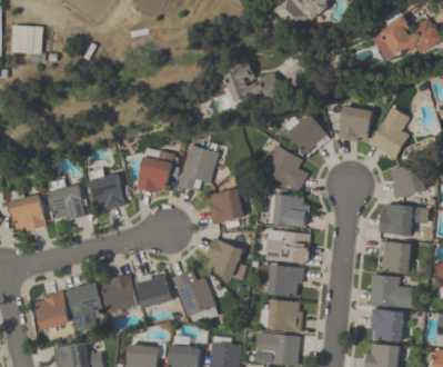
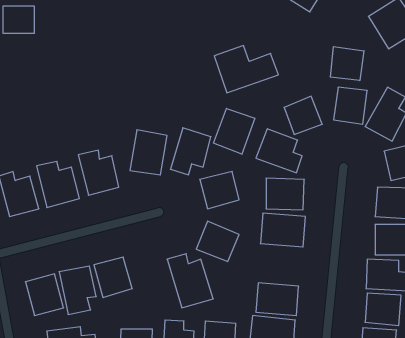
building: none -> [330,47,364,81]
building: none -> [214,108,255,154]
building: [268,265,304,298] -> none
building: [135,271,172,308] -> none

